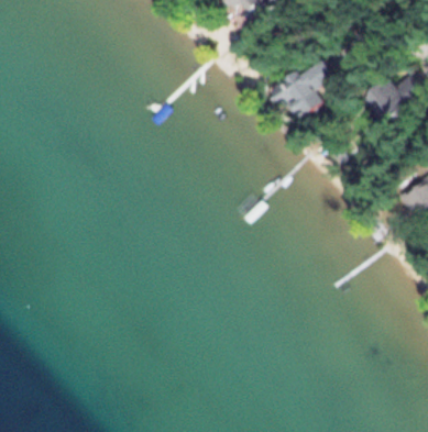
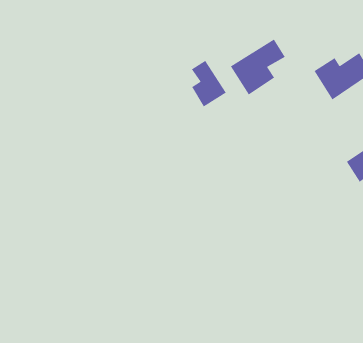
building: none -> [191,60,227,108]

